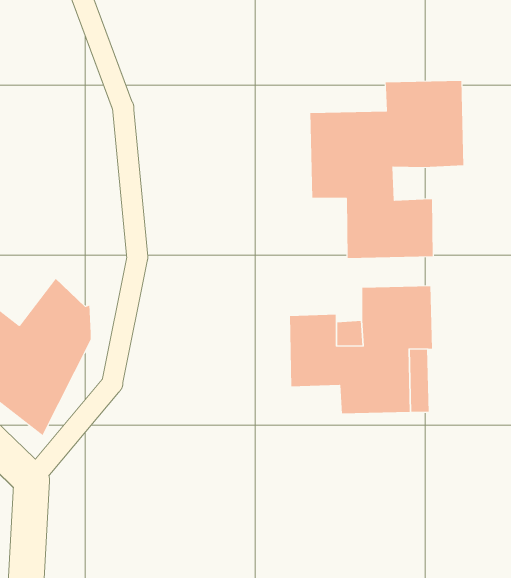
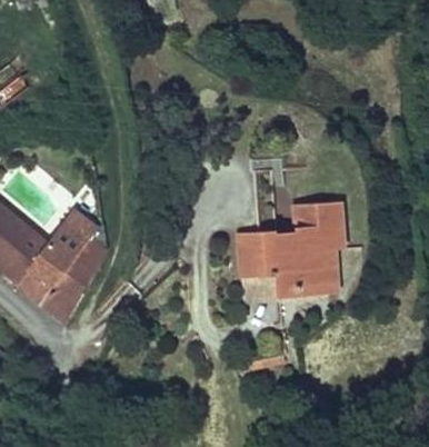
building: [310,80,464,259] -> none

